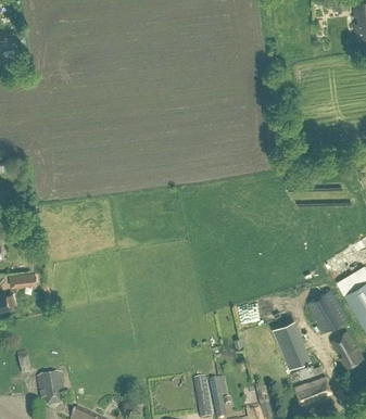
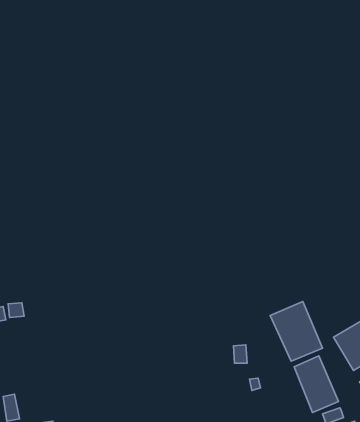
building: none -> [270,302,322,361]

